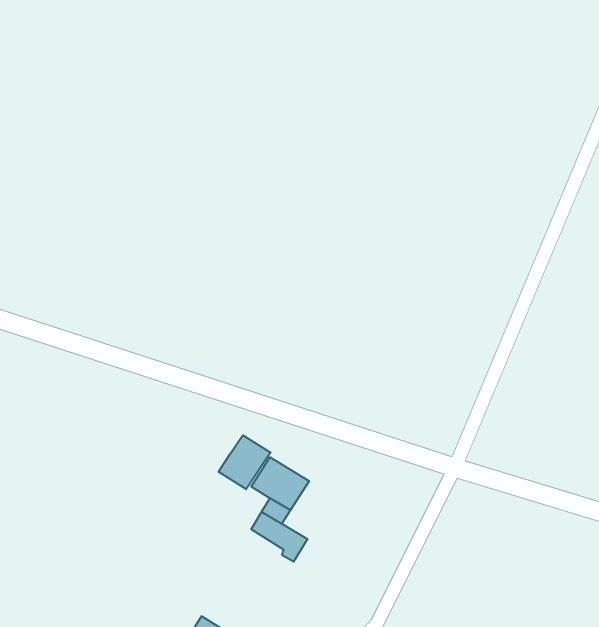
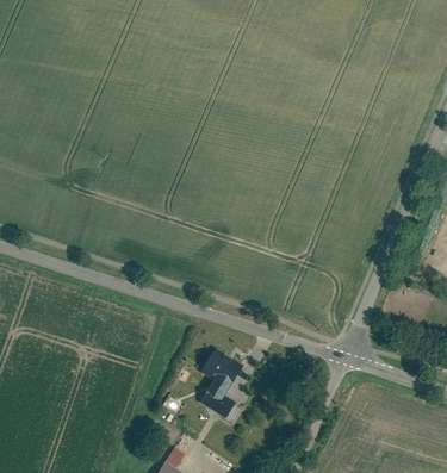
building: [219,435,271,489] -> none

